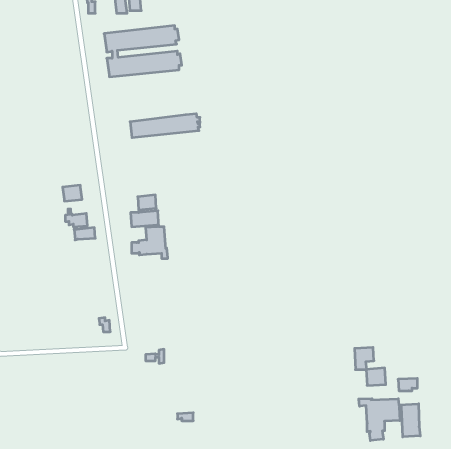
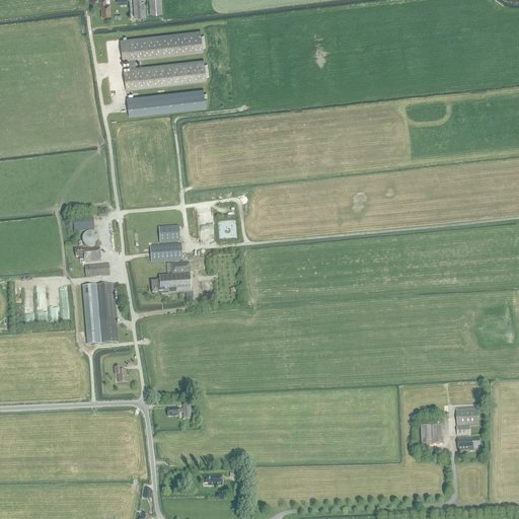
building: [130,114,200,138] -> [127,87,207,115]
building: none -> [82,282,118,344]
building: [355,347,374,370] -> [456,409,478,434]
building: [359,399,420,441] -> none

